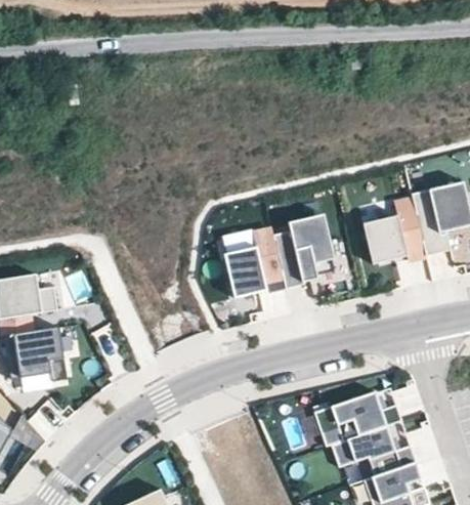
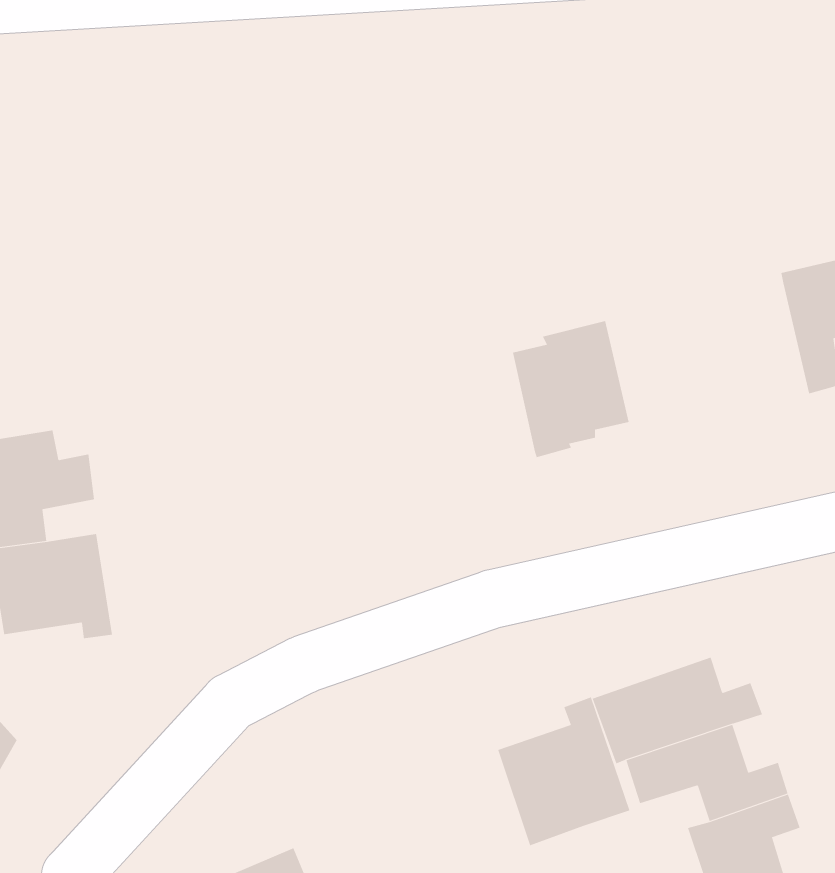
building: [362,198,425,262] -> none
building: [223,227,284,297] -> none
building: none -> [497,697,630,846]

